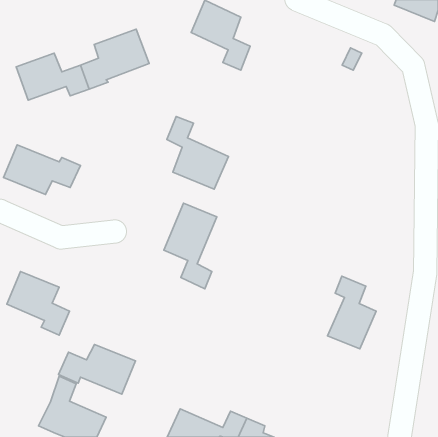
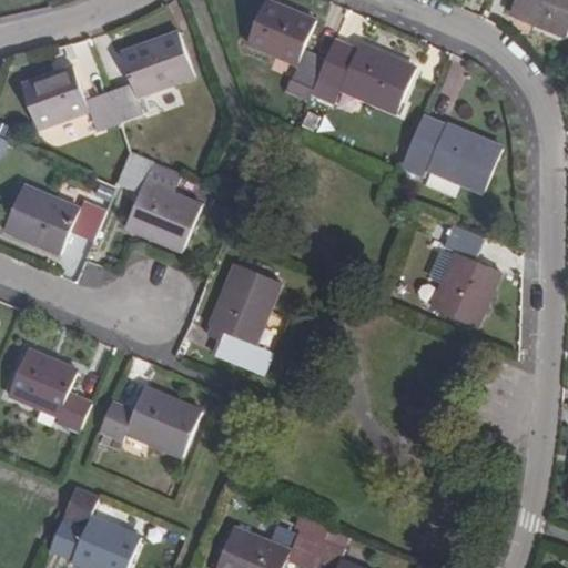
building: none -> [312,42,410,112]
building: none -> [399,125,499,191]
building: [167,116,229,189] -> [118,153,197,247]
building: [327,276,376,349] -> [435,226,498,321]
building: [58,344,135,394] -> [101,389,201,454]

